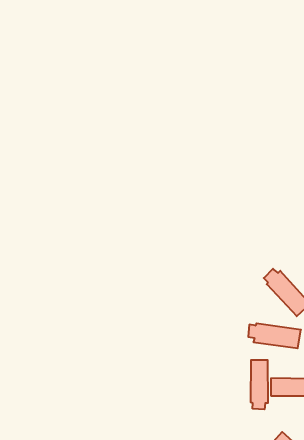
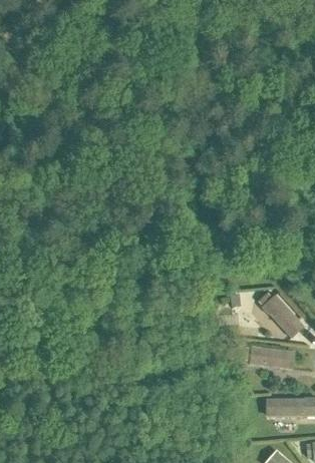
building: [251,360,268,409] -> none

